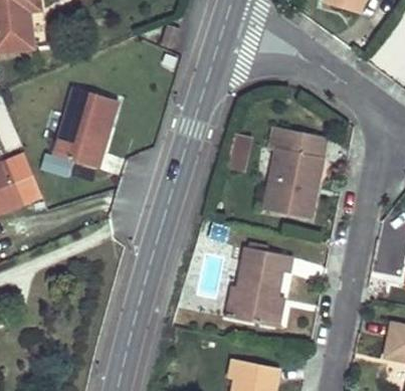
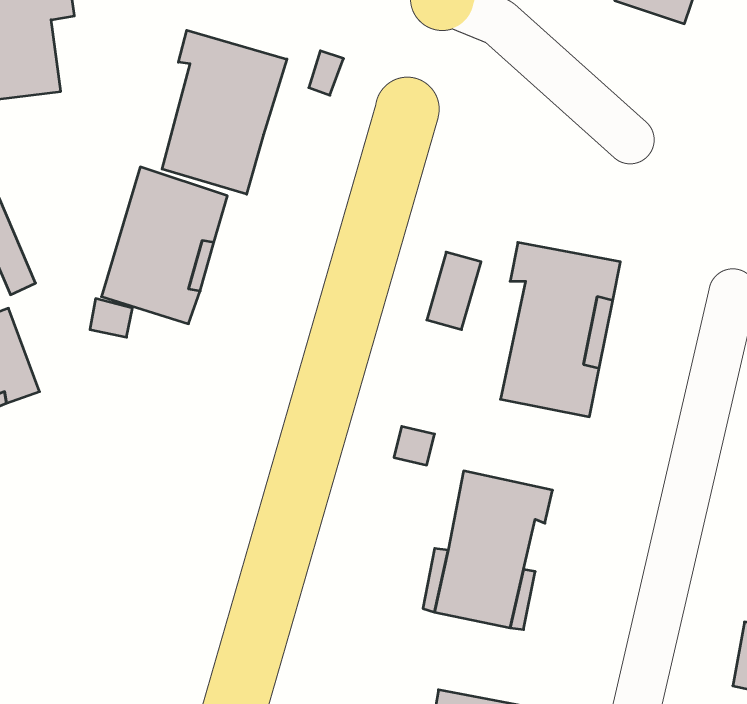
building: none -> [162,30,287,194]

